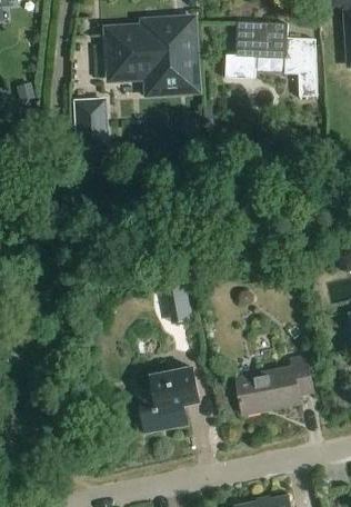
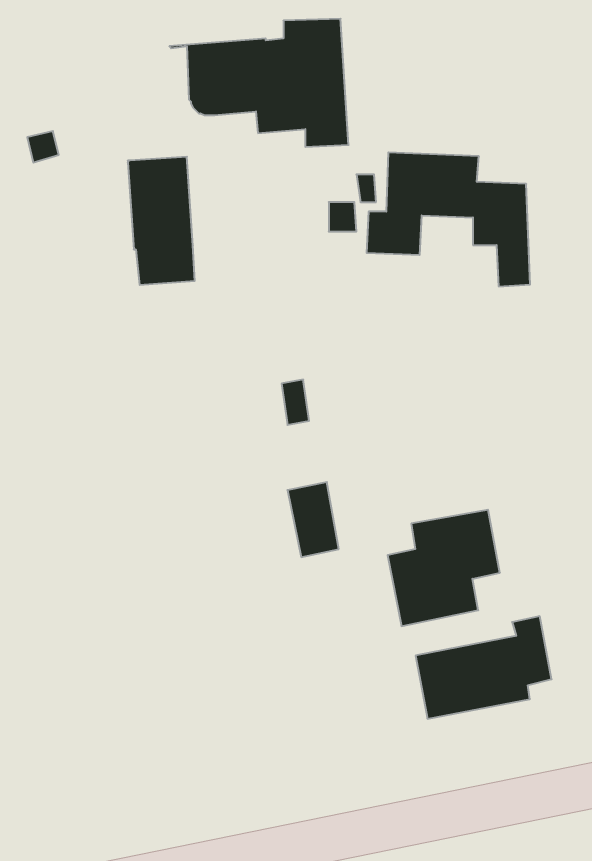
building: [224,21,317,97] -> [367,152,530,286]
building: [137,367,200,433] -> [388,510,500,626]

